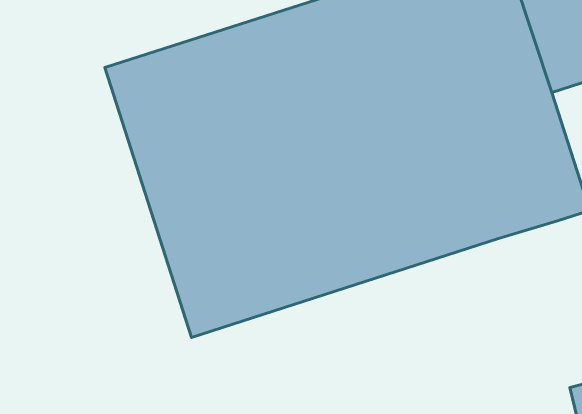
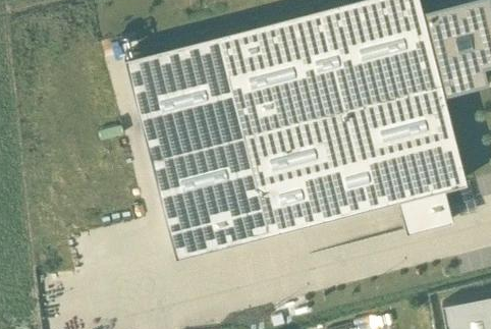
building: none -> [400,189,452,235]

